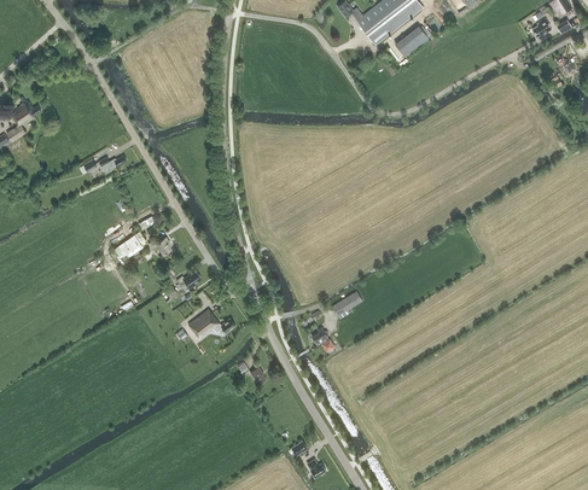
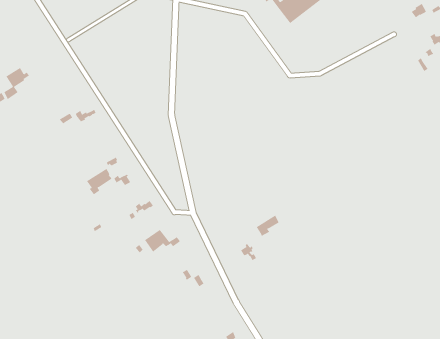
building: [391,24,426,57] -> none

